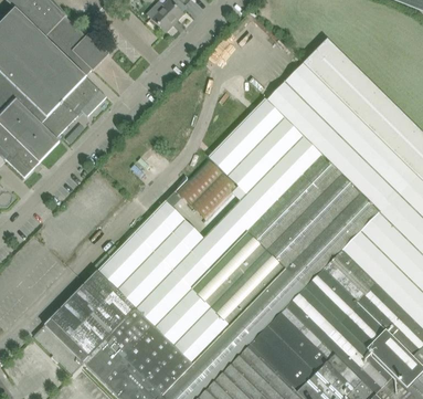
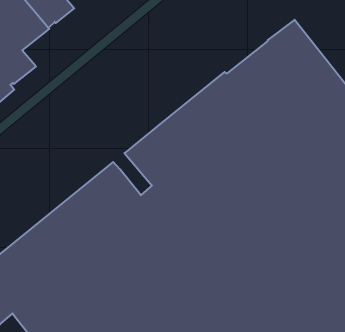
building: [63,76,107,116] -> none

